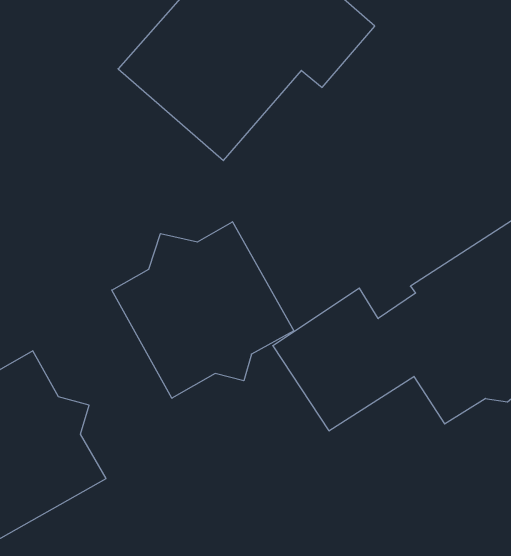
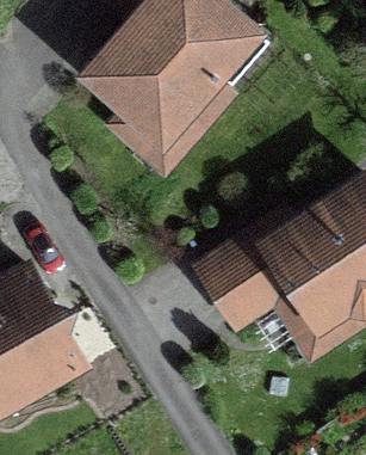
building: [112,222,294,398] -> none

